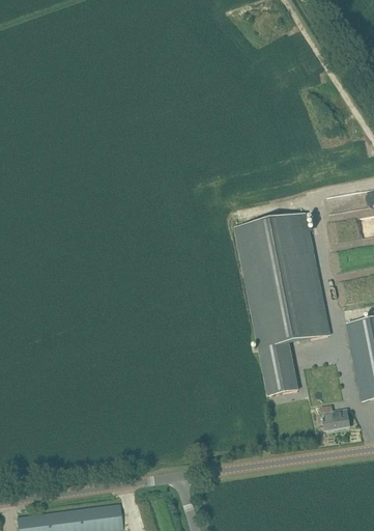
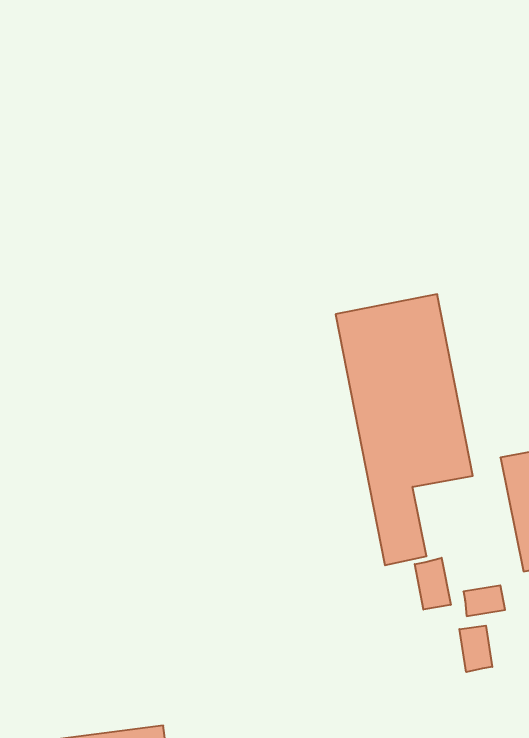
building: none -> [415,558,451,610]
building: none -> [459,626,492,672]

